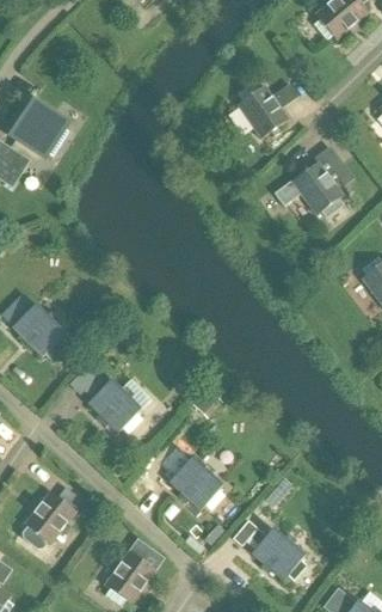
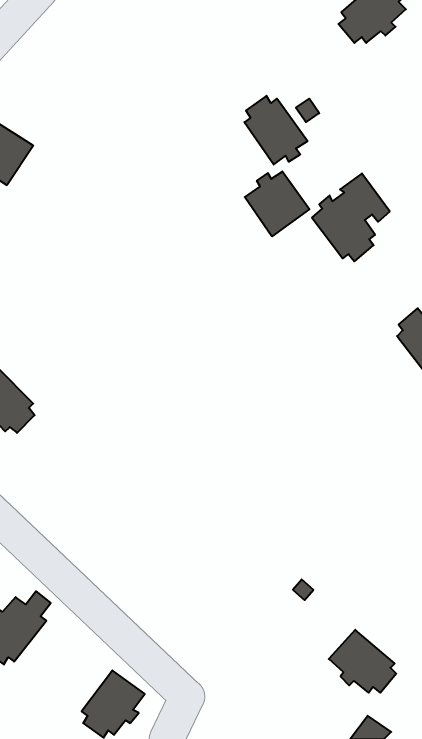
building: none -> [245,171,309,236]
building: [88,378,142,432] -> none
building: [170,455,223,509] -> none
building: [251,527,306,579] -> [329,630,396,693]

